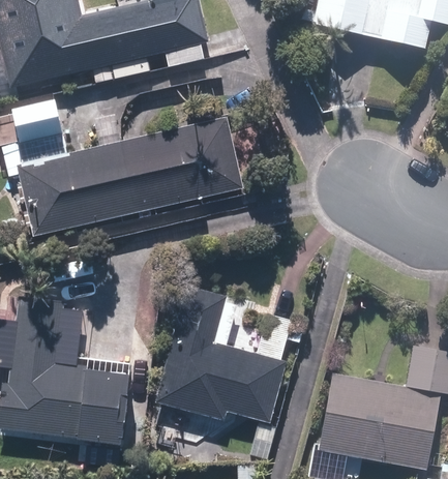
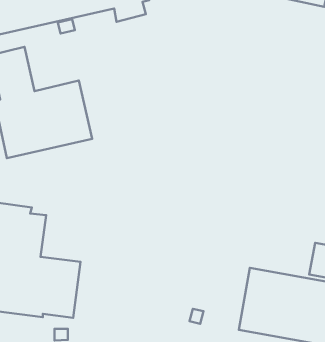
building: [122,118,244,214] -> none
building: [155,281,287,419] -> none

